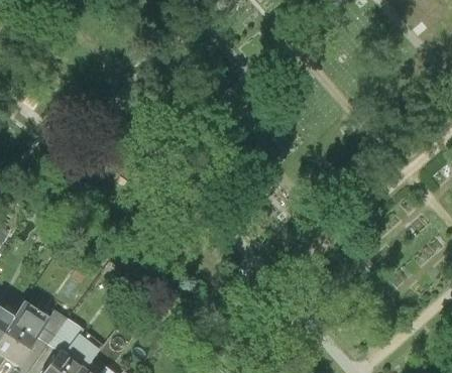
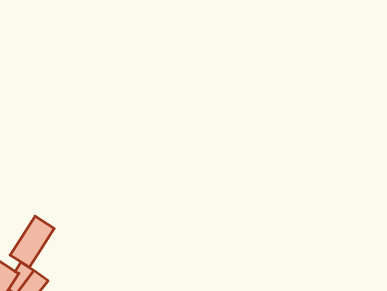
building: none -> [10,216,54,268]

